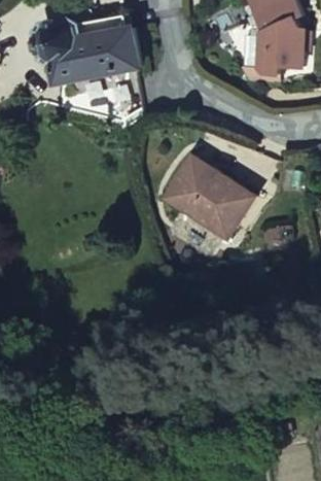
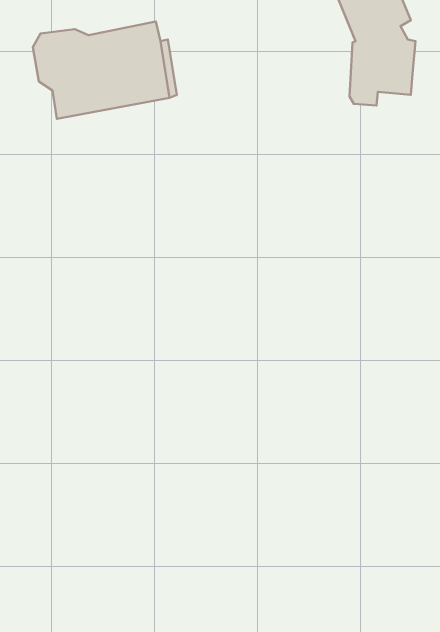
building: [167,158,255,240] -> none

